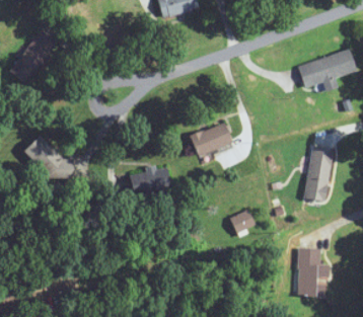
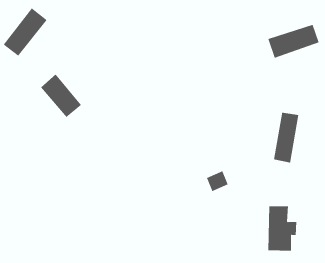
building: [191,123,232,156] -> none
building: [24,135,70,183] -> [40,73,82,118]
building: [130,166,171,197] -> none

